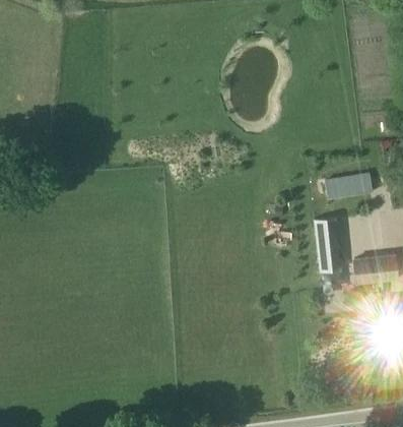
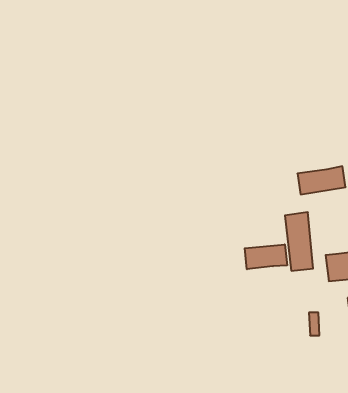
building: none -> [245,244,287,269]

